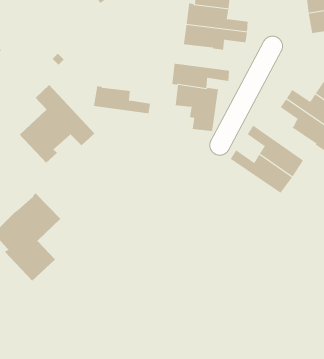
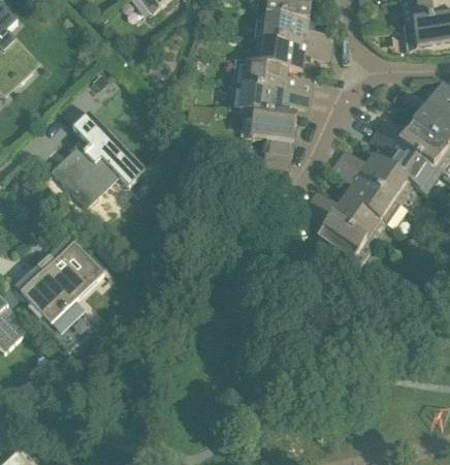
building: [93,86,151,114] -> [239,58,310,92]
building: none -> [335,148,412,202]
building: none -> [300,199,369,264]

